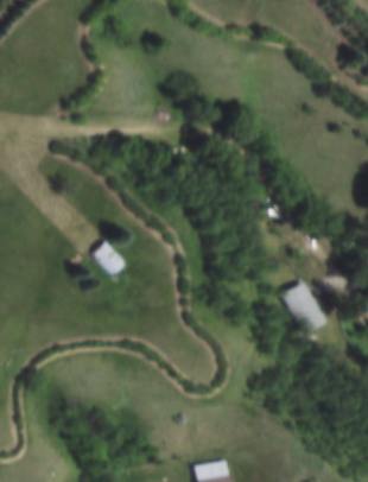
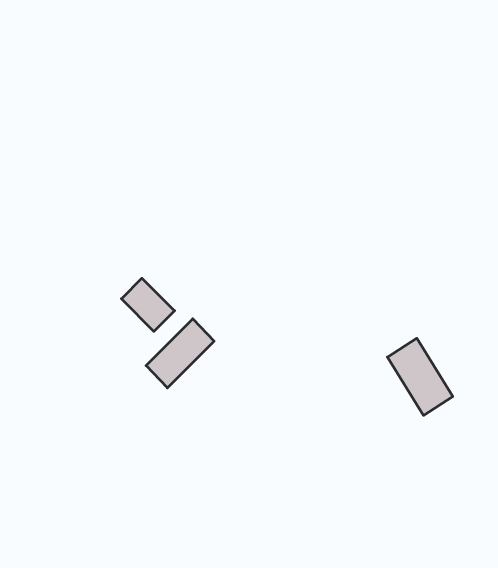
building: none -> [146,319,214,388]

